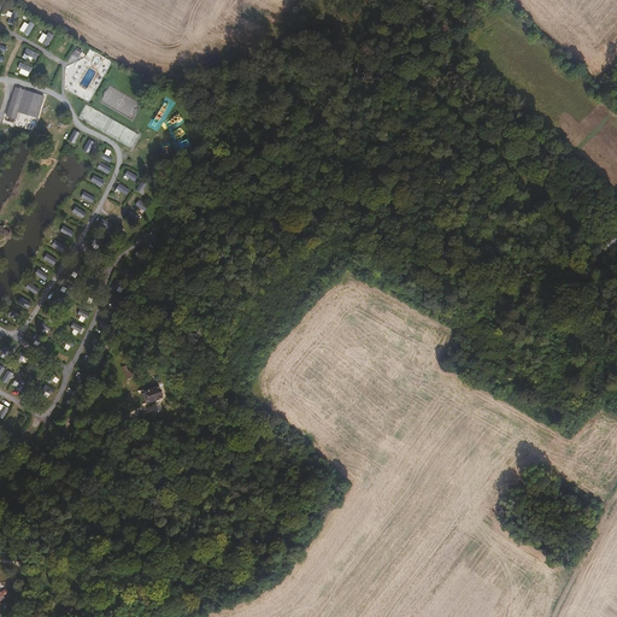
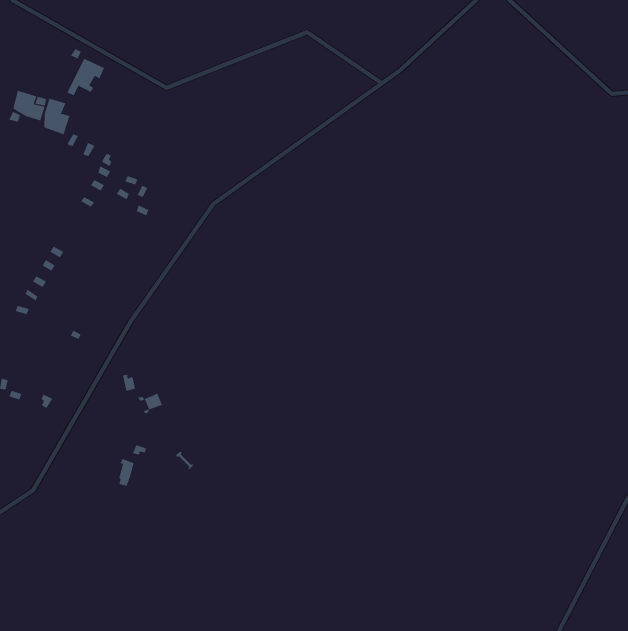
building: none -> [44,98,70,135]

